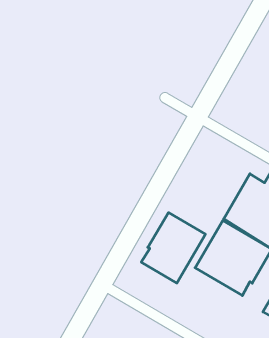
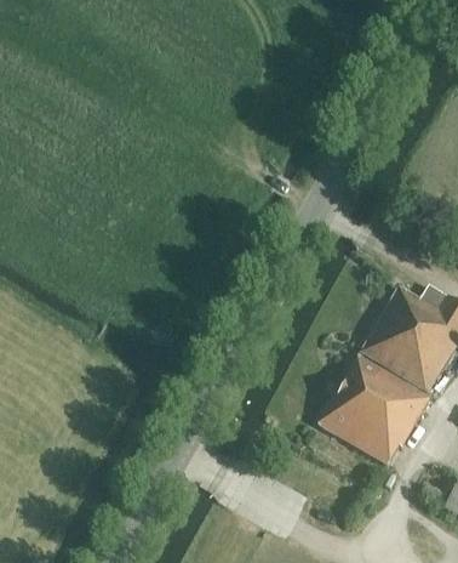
building: [141,213,205,283] -> none

